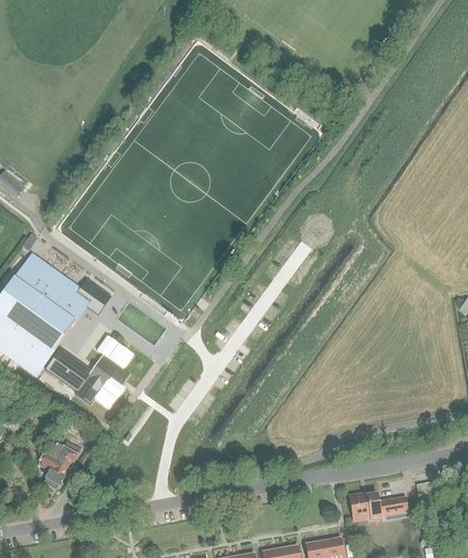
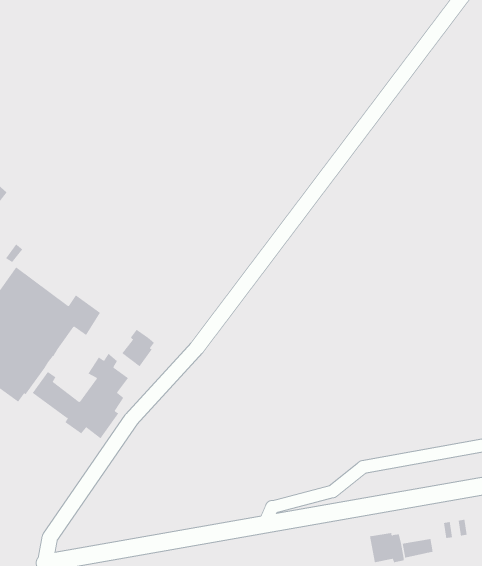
building: none -> [122,329,155,367]
building: [38,441,80,489] -> none

